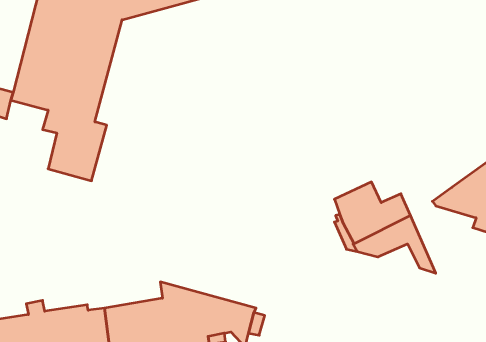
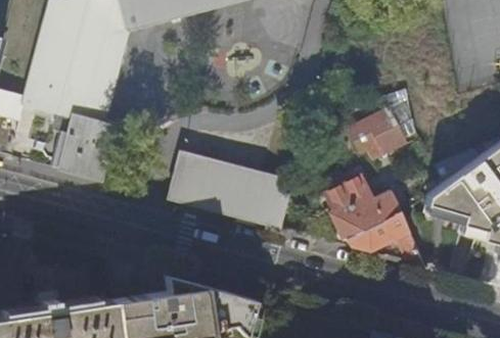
building: none -> [352,92,418,161]
building: none -> [169,154,293,229]

